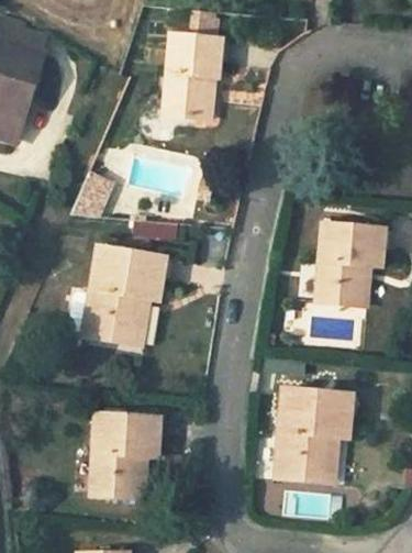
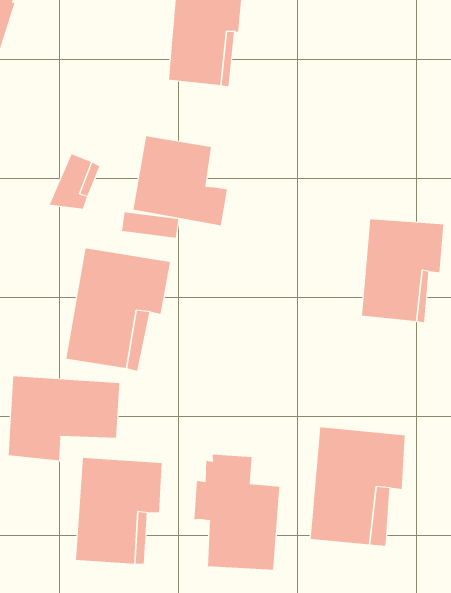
building: none -> [133,136,228,226]
building: none -> [8,375,120,461]
building: none -> [194,454,280,570]

